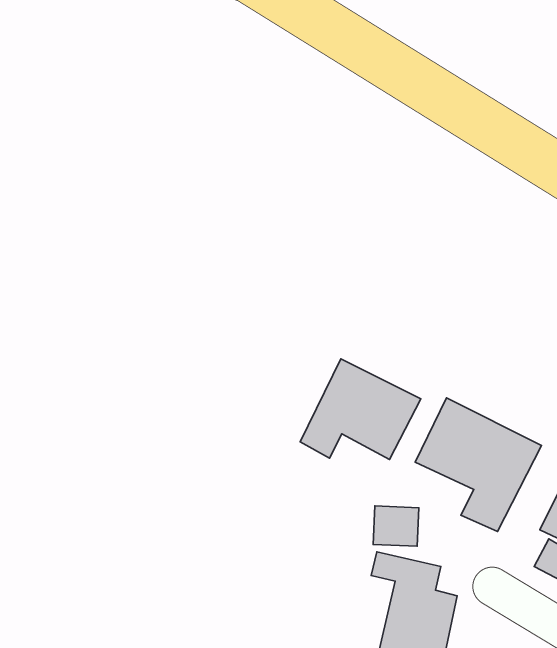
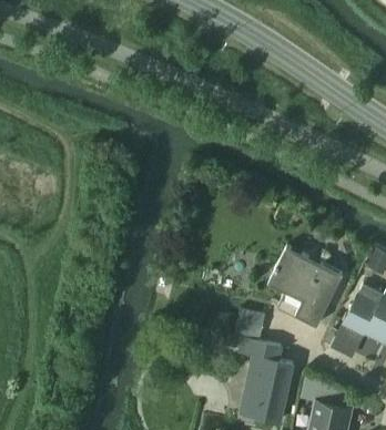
building: [300,359,421,459] -> none

